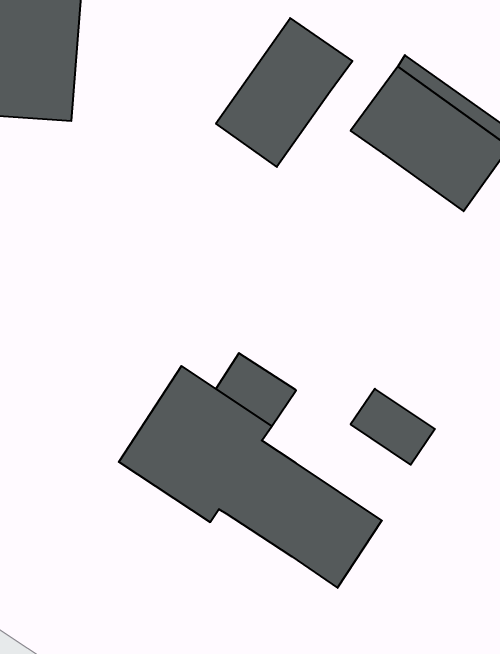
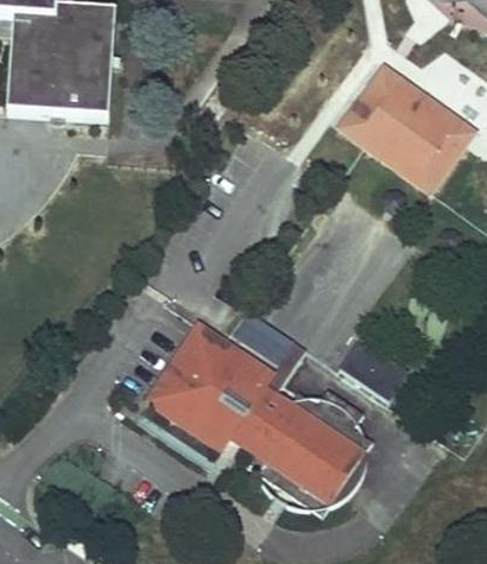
building: [216,18,352,167] -> none

